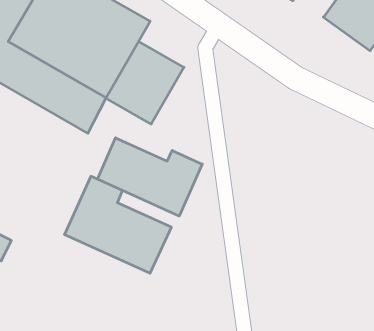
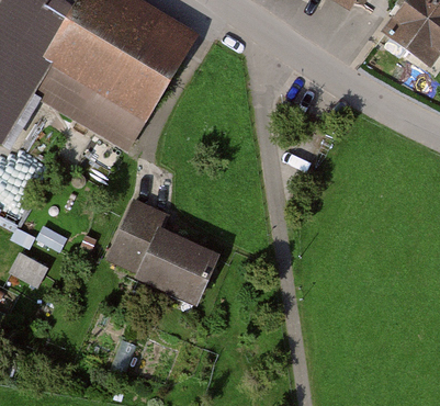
building: [106,41,184,124] -> none
building: [98,138,202,216] -> none

